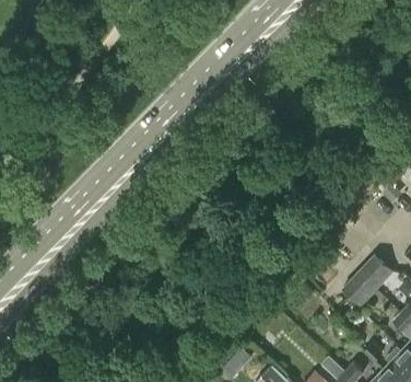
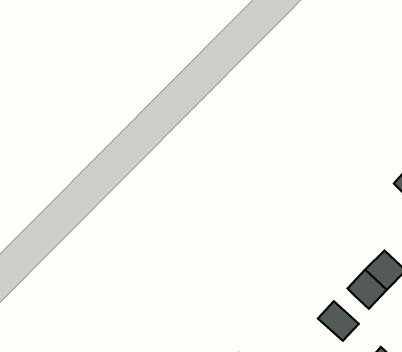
building: none -> [318,301,359,341]

